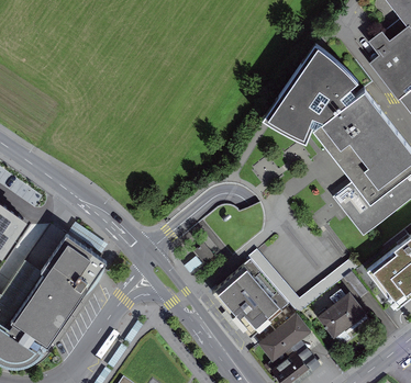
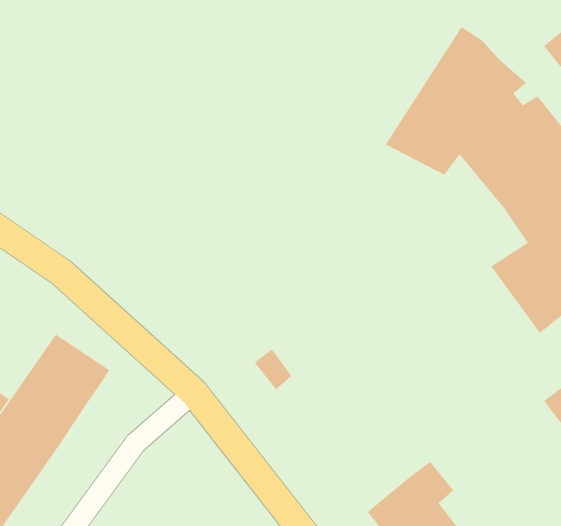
building: [214,258,286,330] -> none
building: [319,284,367,330] -> none

